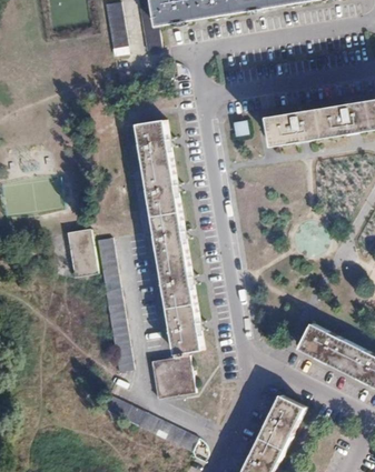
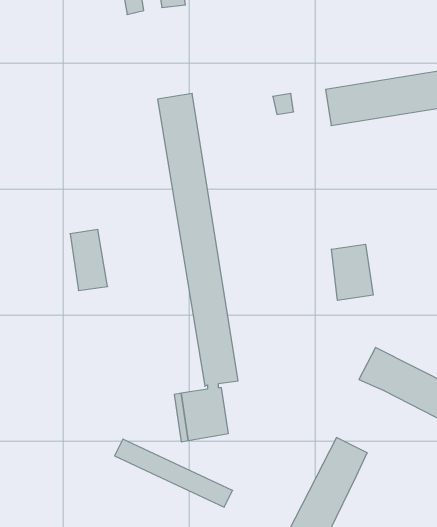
building: [92,237,129,371] -> none
building: none -> [332,244,373,300]

